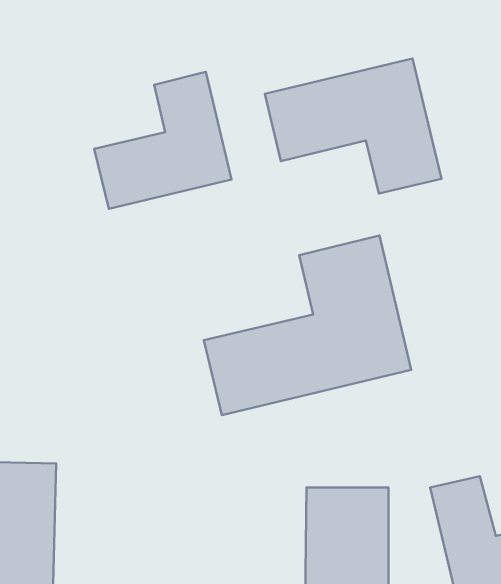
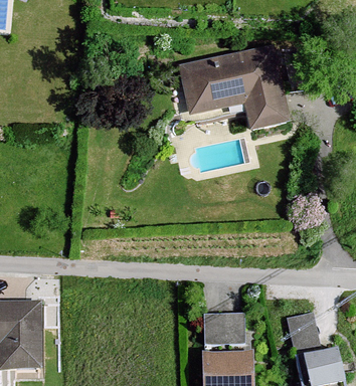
building: [94,72,232,209] -> none
building: [204,235,411,415] -> none

